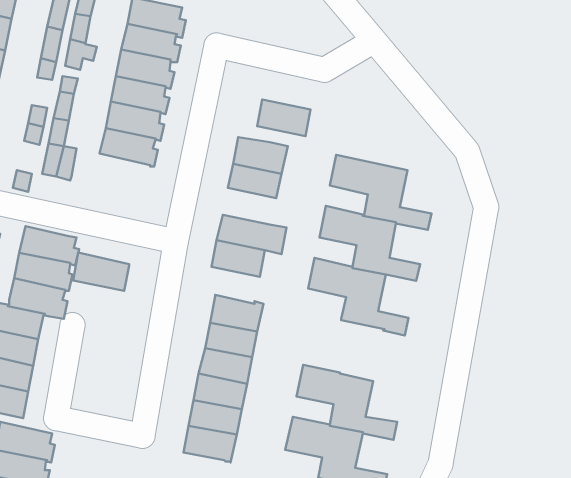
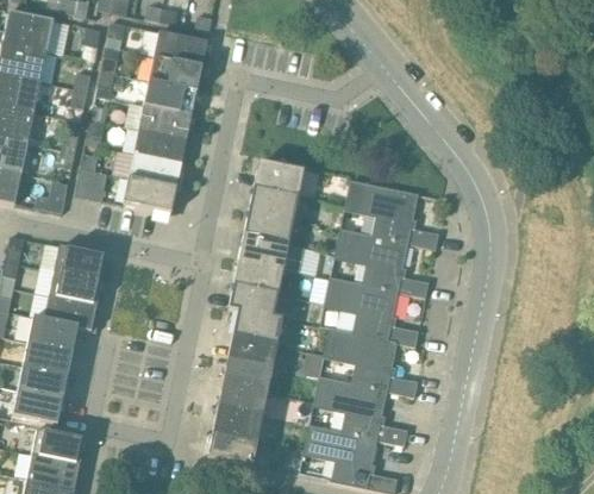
building: [257,99,311,136] -> [243,210,293,244]
building: [73,253,129,291] -> [123,177,175,213]
building: none -> [227,283,277,318]
building: none -> [321,326,415,396]

